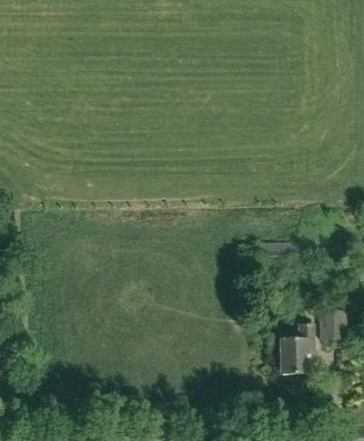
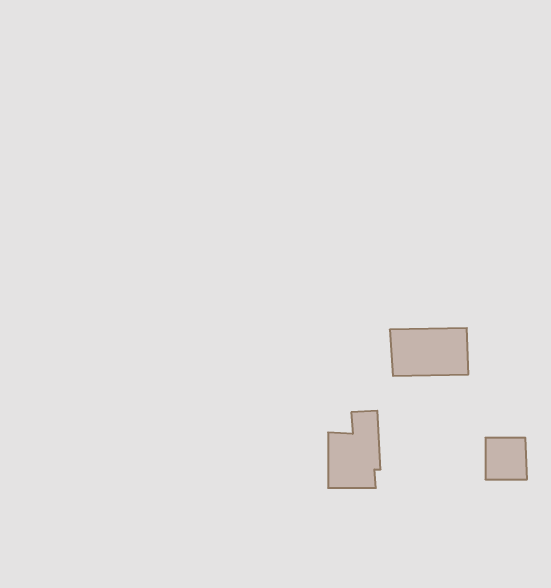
building: [279,322,313,373] -> [328,411,381,488]

